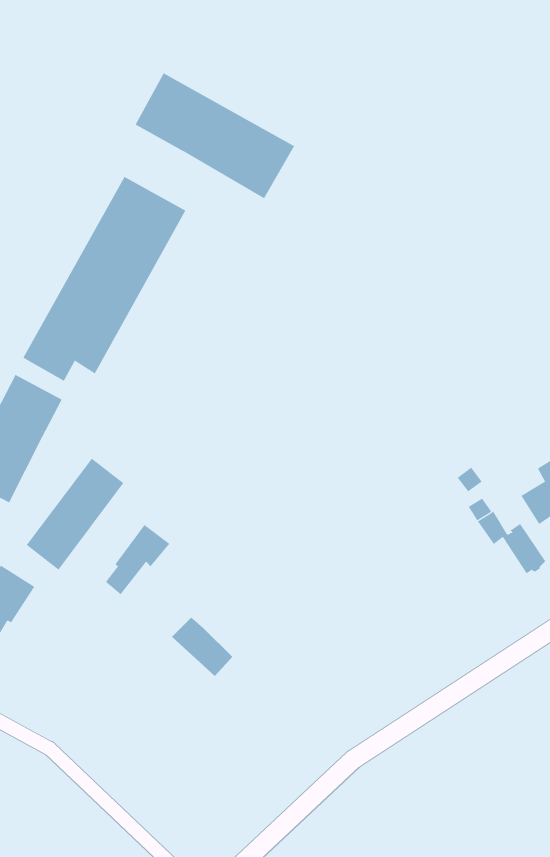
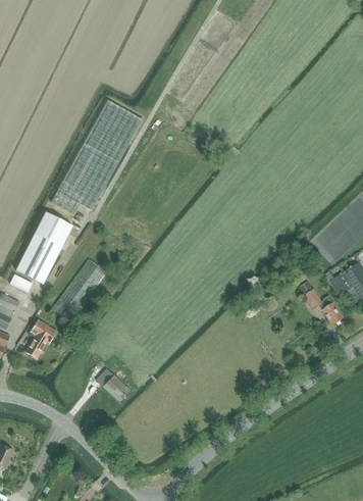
building: [135,72,295,199] -> none
building: [105,524,170,595] -> none
building: [171,617,233,677] -> [95,369,129,403]

